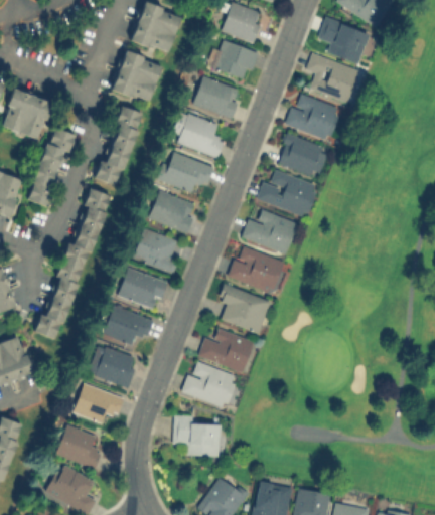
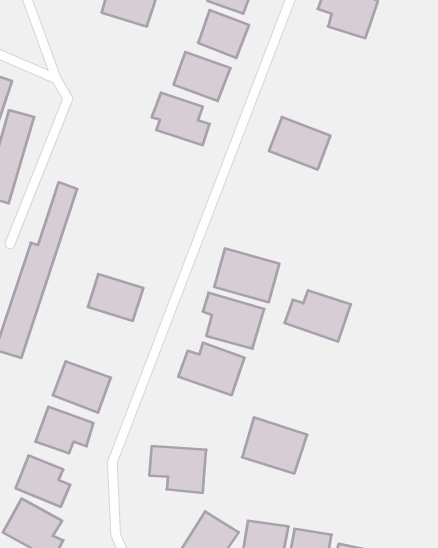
building: [111,50,163,104] -> none
building: [305,53,358,103] -> none
building: [285,93,341,141] -> none
building: [99,107,142,187] -> none
building: [157,152,213,192] -> none
building: [256,170,318,217] -> none
building: [148,190,197,233] -> none
building: [241,210,298,254] -> [285,290,351,342]
building: [133,228,182,274] -> none
building: [103,305,153,345] -> none
building: [181,360,238,408] -> [242,418,307,473]

